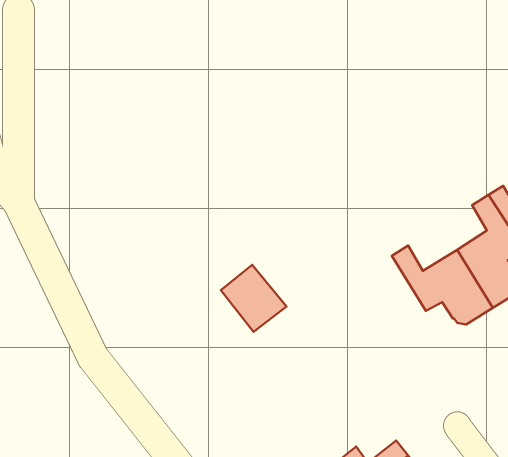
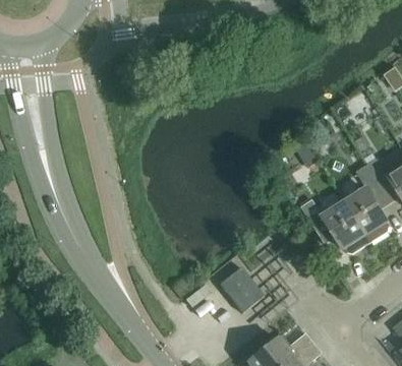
building: [221,265,286,332] -> [219,265,264,311]

